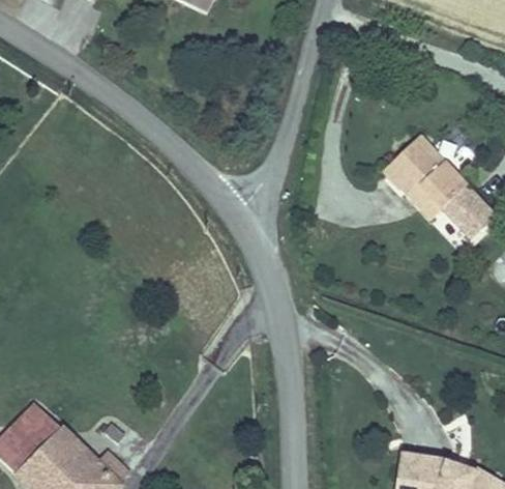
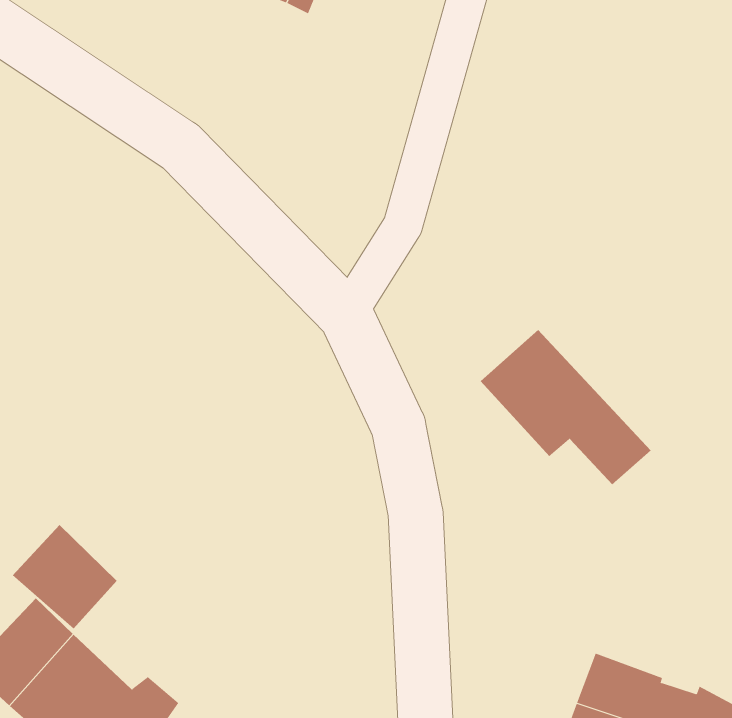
building: [377,139,489,241] -> [480,329,651,485]
building: none -> [12,524,117,630]

